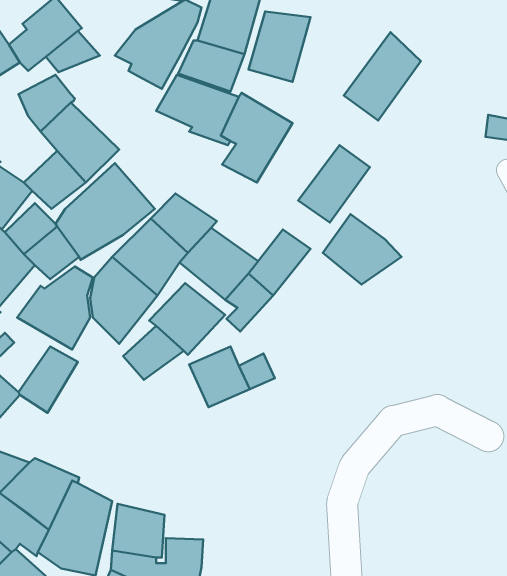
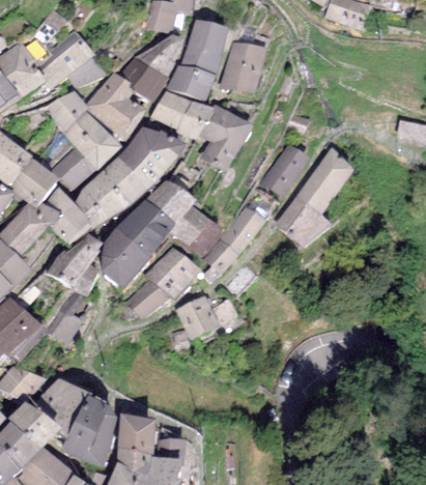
building: [344,32,421,120] -> [295,147,353,213]
building: none -> [85,73,145,142]
building: none -> [118,126,186,191]

